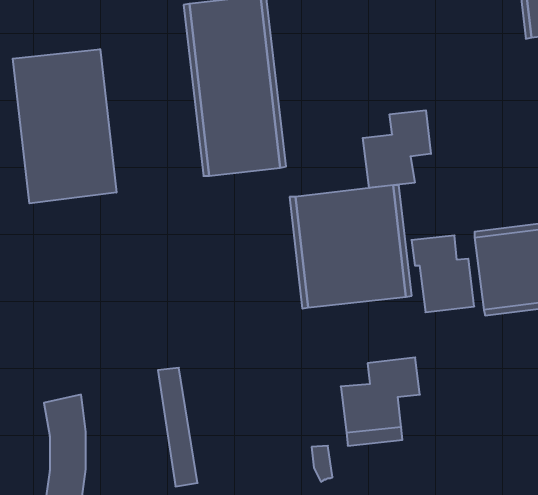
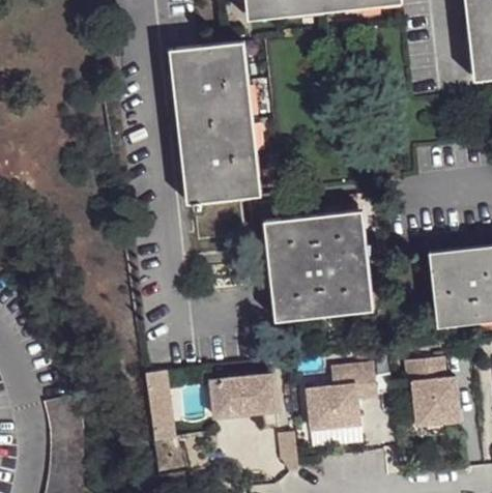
building: [13,49,116,203] -> none
building: [363,110,431,188] -> none
building: [411,235,474,312] -> [406,357,462,426]
building: none -> [212,377,280,430]

